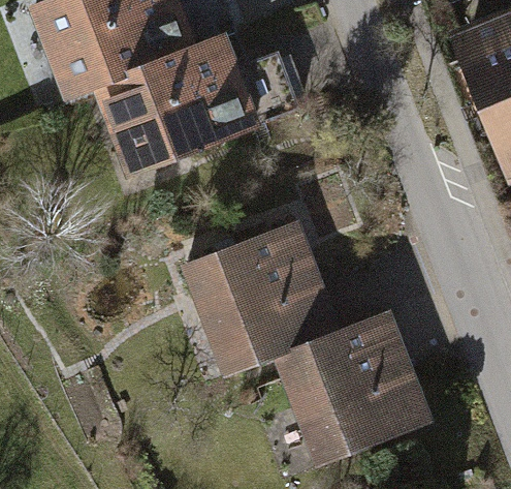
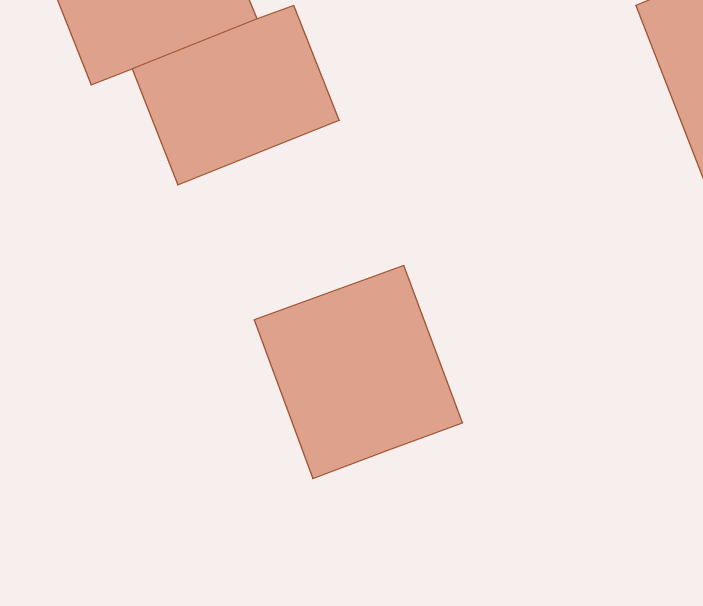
building: [282,316,420,458] -> none

